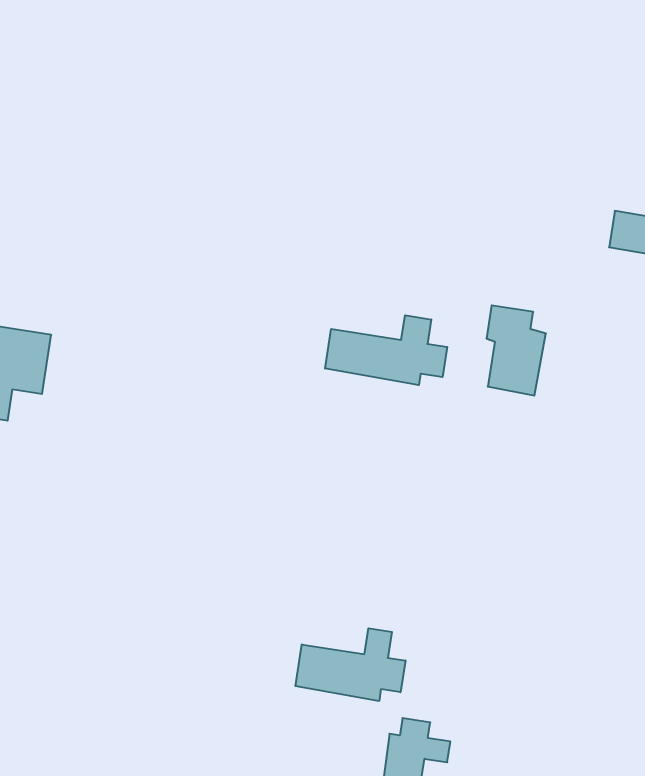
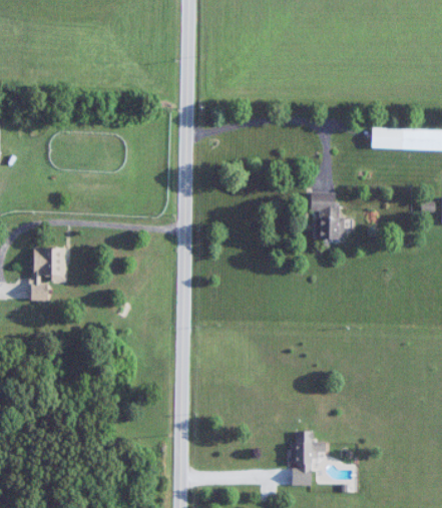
building: [325,315,447,385] -> none
building: [295,628,405,701] -> none

